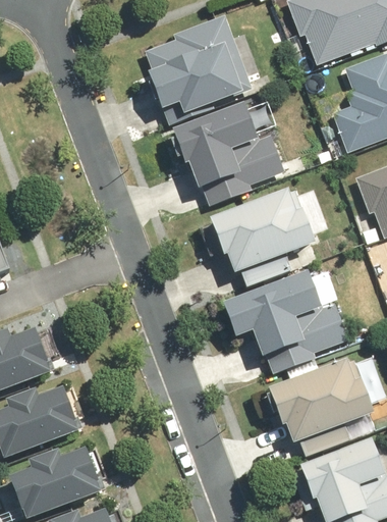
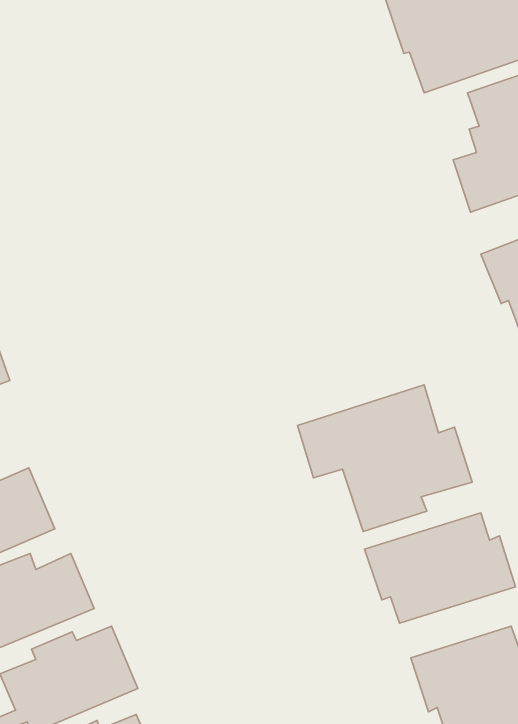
building: [143,16,260,116] -> none
building: [175,105,281,205] -> none
building: [210,189,318,274] -> none

